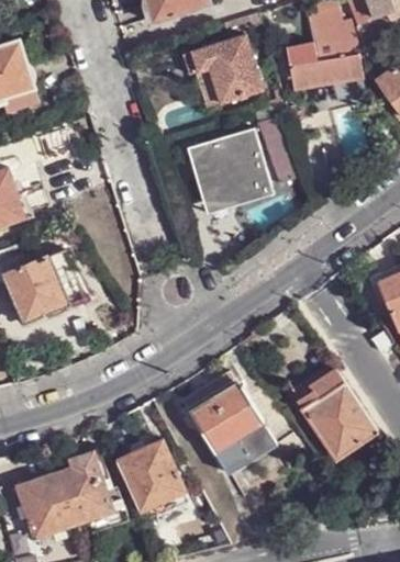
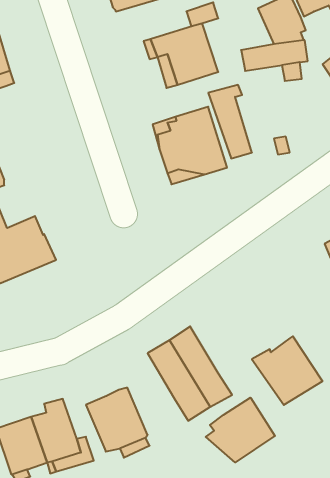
building: none -> [206,398,275,462]

